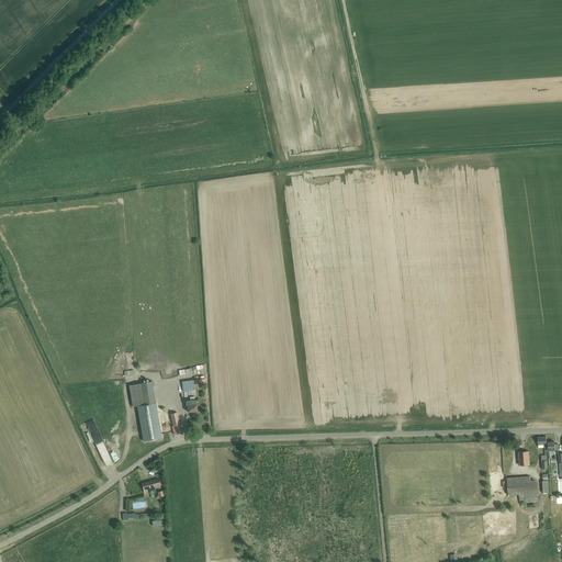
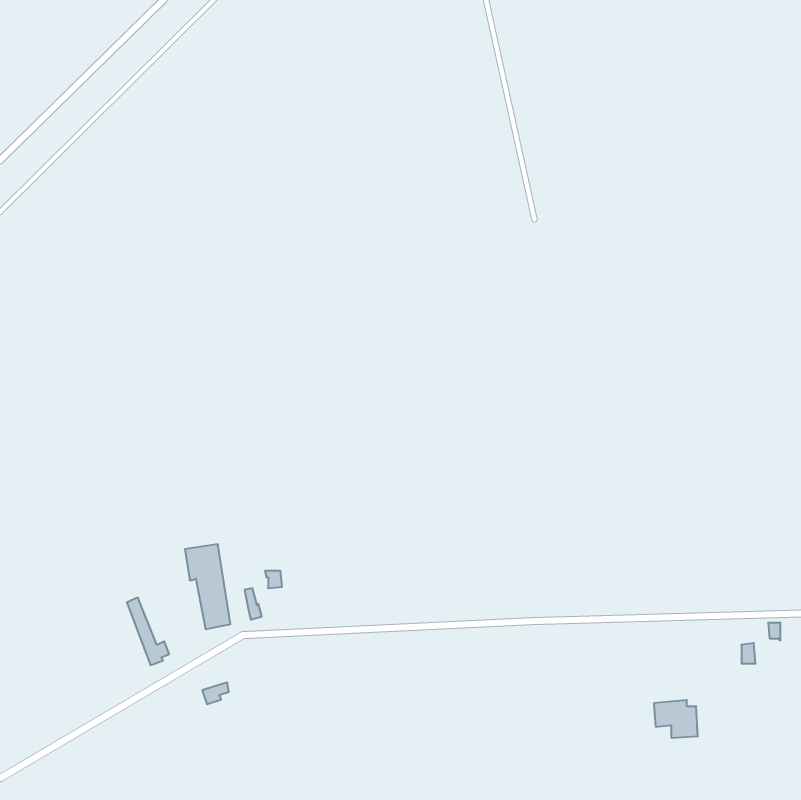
building: [507,475,538,502] -> [654,700,698,738]

